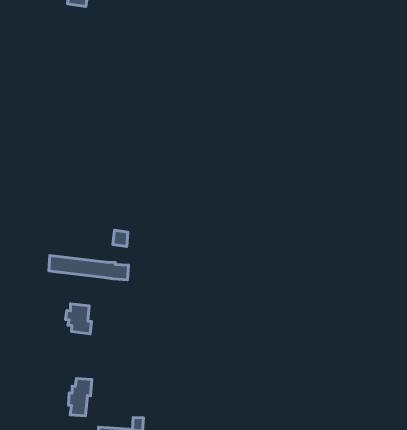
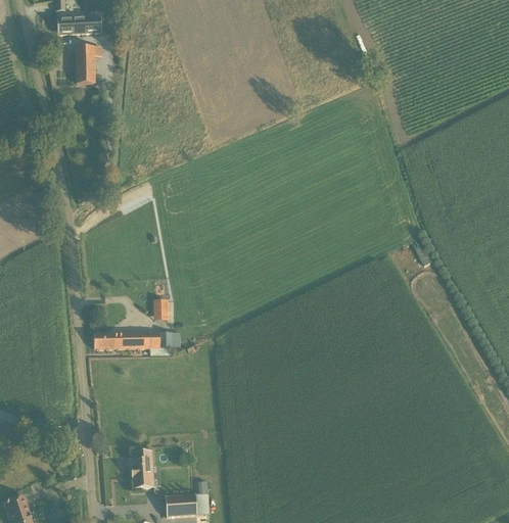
building: [66,304,92,334] -> none

